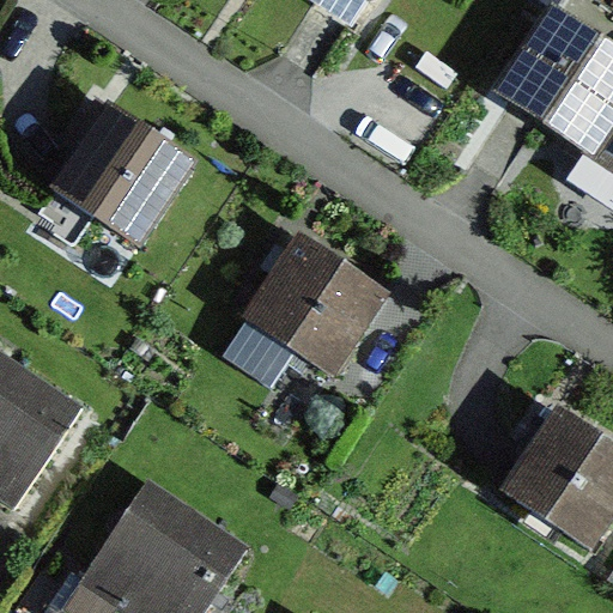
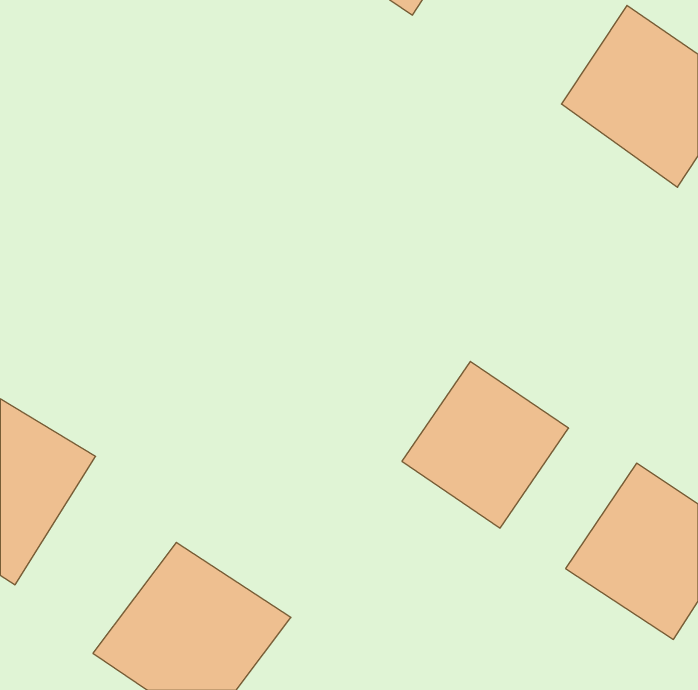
building: [48,98,200,251] -> none
building: [241,237,387,383] -> [402,361,569,528]

